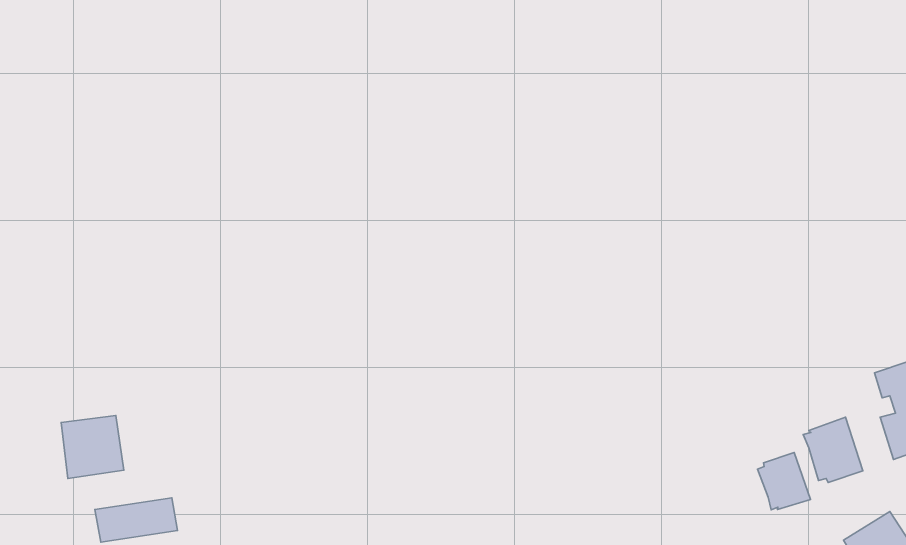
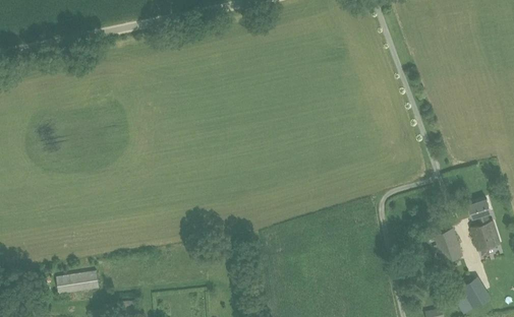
building: [61,416,124,478] -> none
building: [758,452,811,510] -> none

